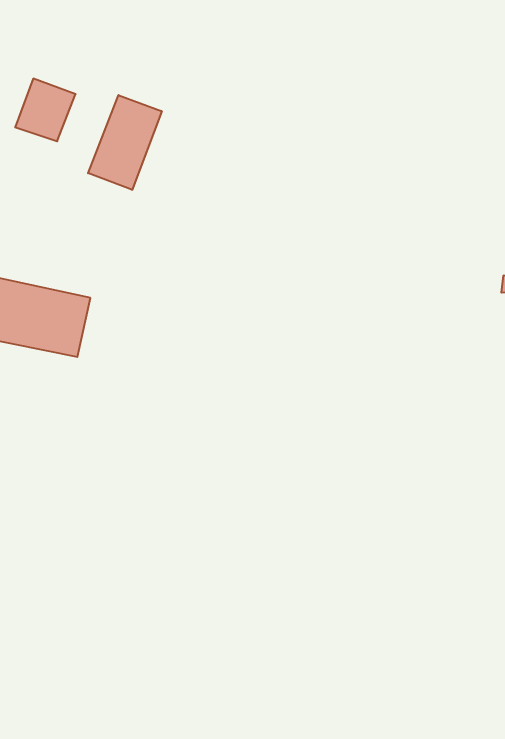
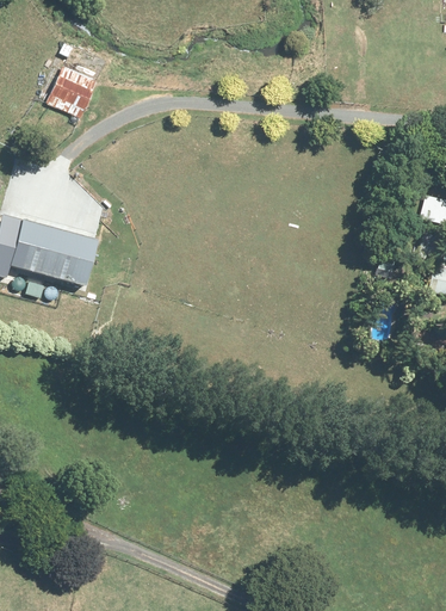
building: [88,95,162,190] -> none

